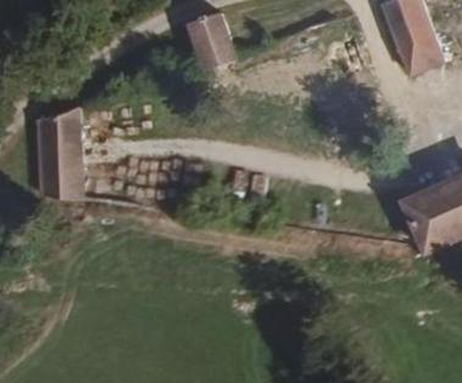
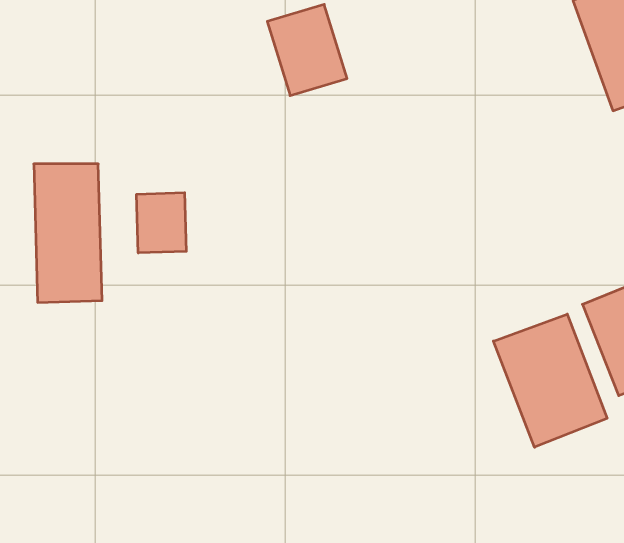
building: none -> [137,193,186,253]
building: none -> [493,314,607,447]

